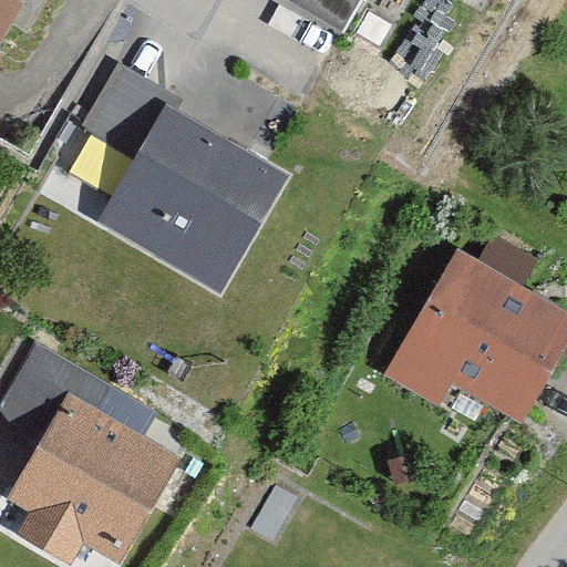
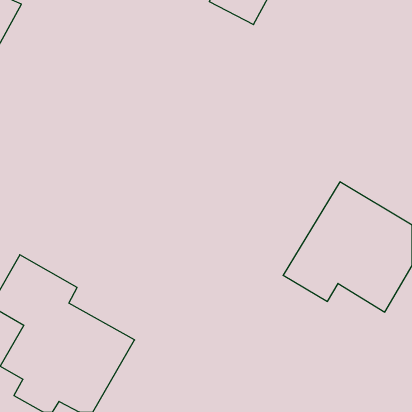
building: [78,63,289,291] -> none

